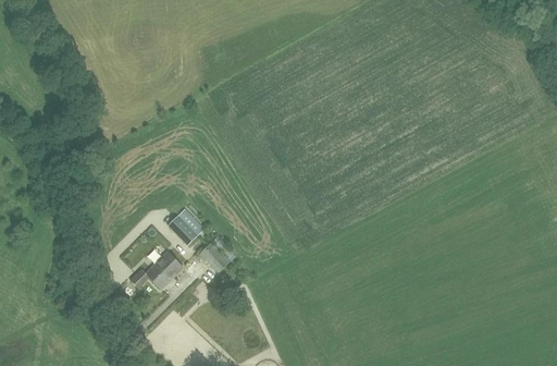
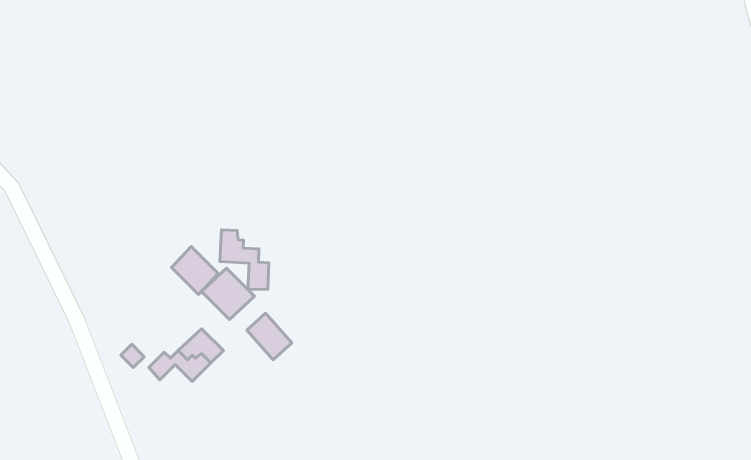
building: none -> [220,230,269,289]
building: none -> [172,247,218,295]

